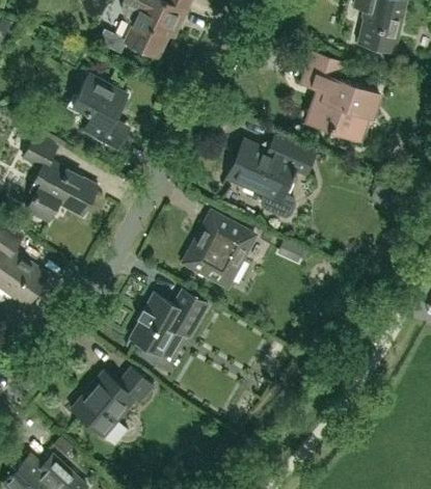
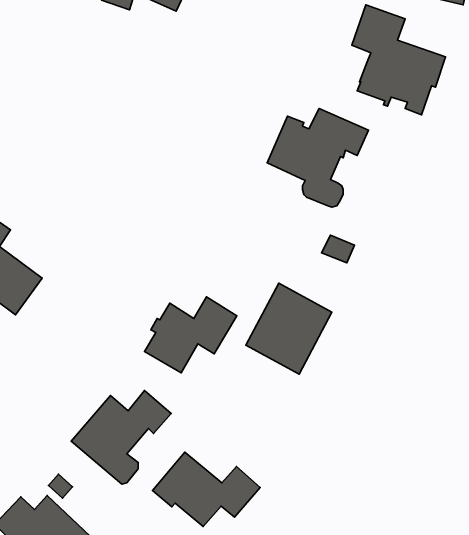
building: [72,74,130,151] -> none
building: [23,136,98,222] -> none
building: [184,213,254,288] -> [246,283,332,374]
building: none -> [152,452,260,527]

